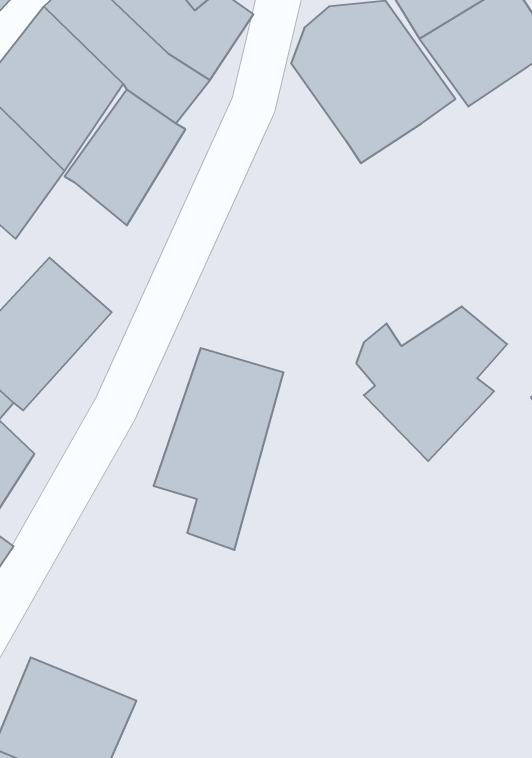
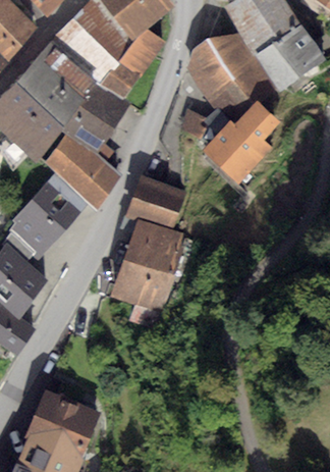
building: none -> [47,133,121,211]
building: none -> [126,174,186,231]
building: [356,306,507,461] -> [199,101,280,185]

